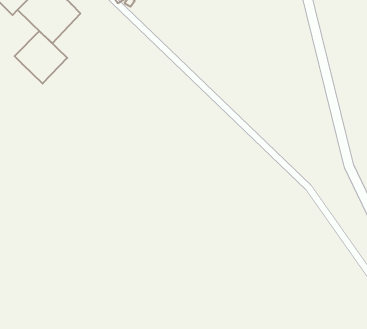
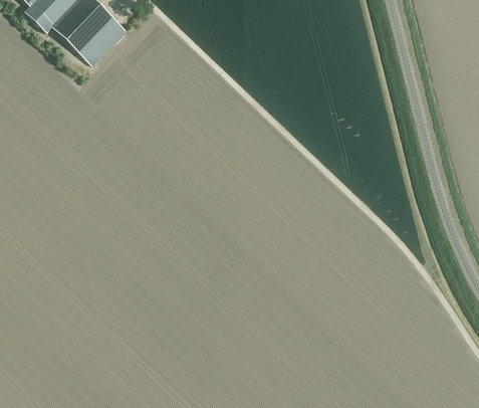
building: [15,31,67,84] -> none

